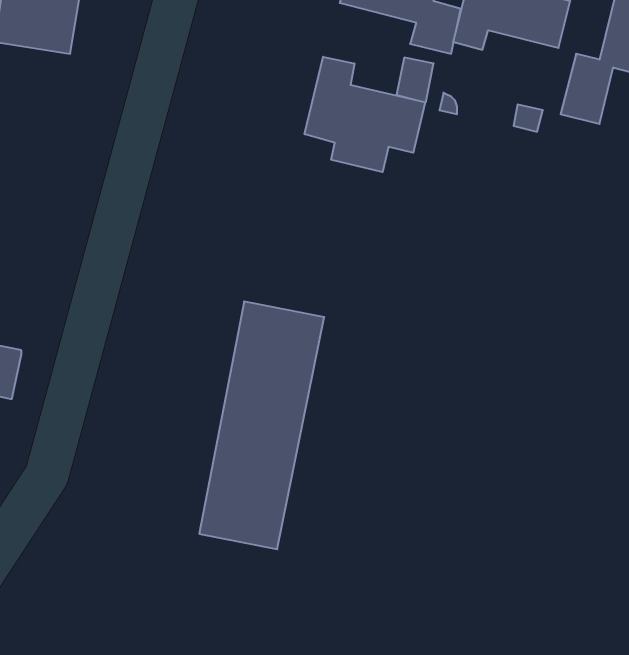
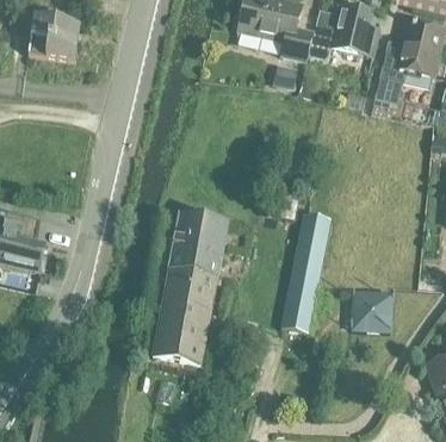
building: [305,57,425,172] -> none
building: none -> [284,214,330,330]
building: none -> [351,288,394,332]

